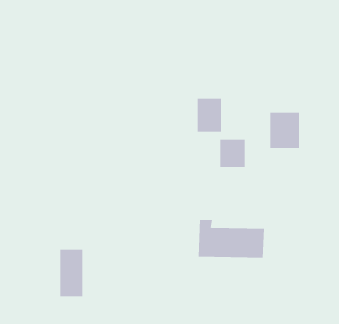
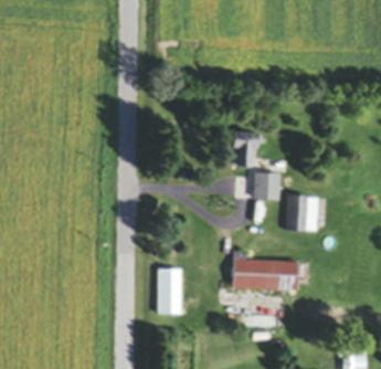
building: [269,112,300,148] -> [287,194,317,230]
building: [60,249,83,297] -> [158,267,181,314]

